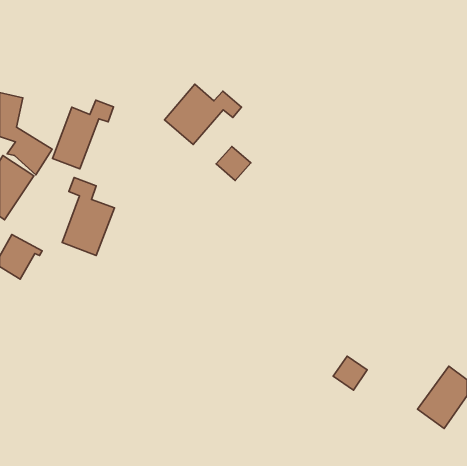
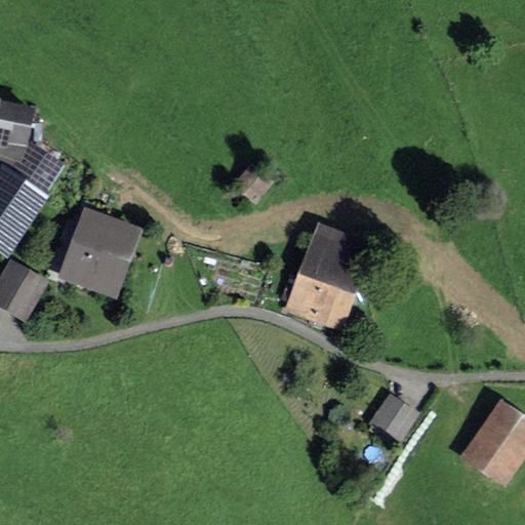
building: [164,84,241,144] -> none
building: [53,100,113,169] -> none
building: none -> [290,229,364,330]

